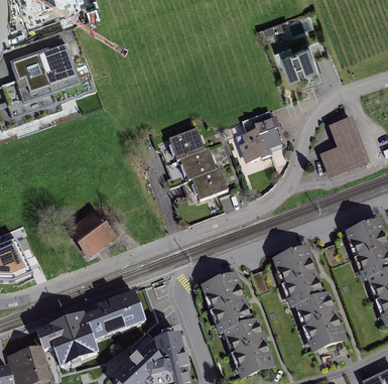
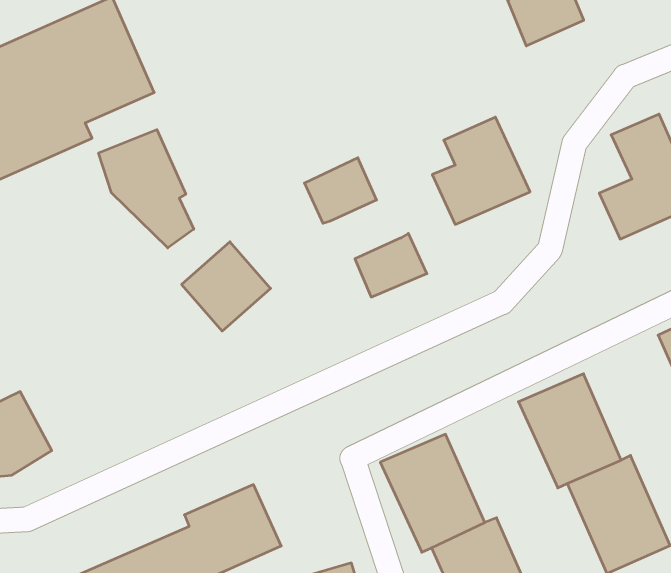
building: none -> [99,130,194,248]
building: [181,148,217,179] -> none
building: [69,211,114,256] -> [182,242,271,331]

